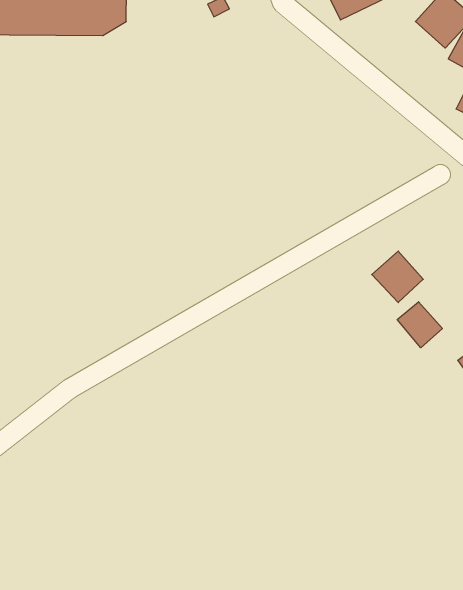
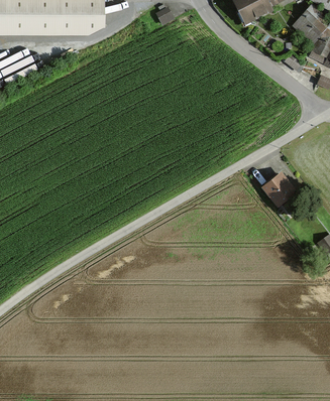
building: [397,302,442,348] -> none

